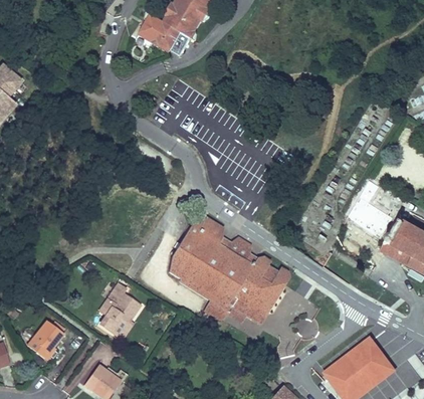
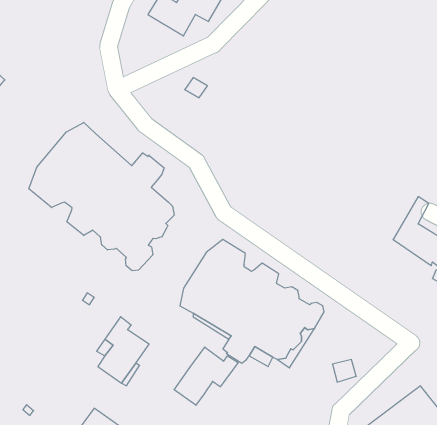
building: none -> [29,122,174,271]
building: none -> [174,347,238,405]
building: [26,320,65,361] -> none

